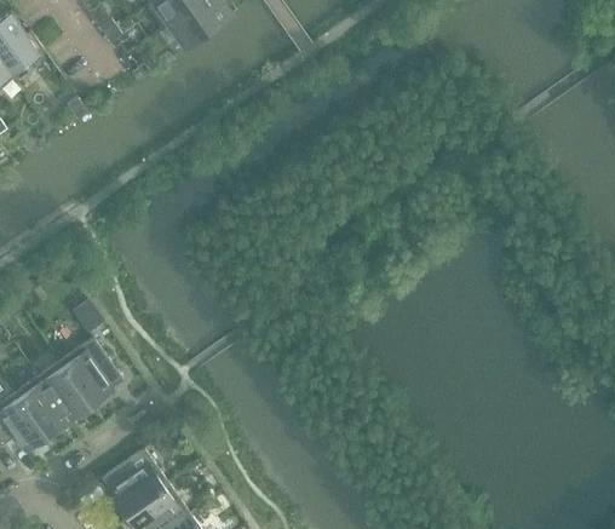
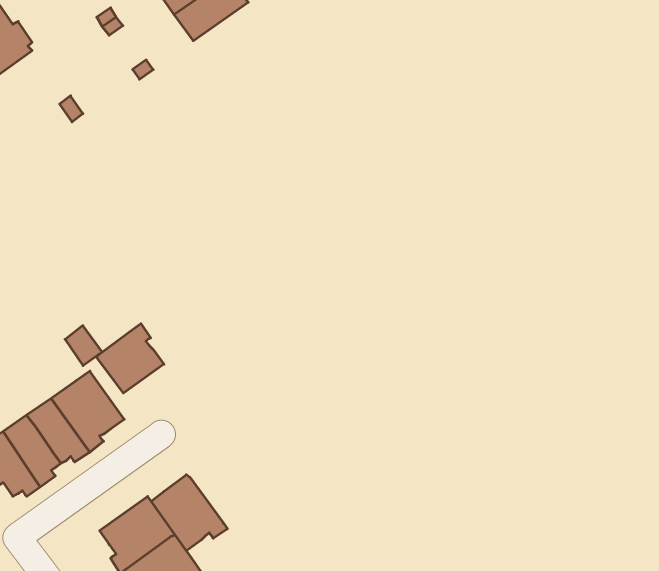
building: none -> [97,324,164,393]
building: none -> [151,475,227,551]

